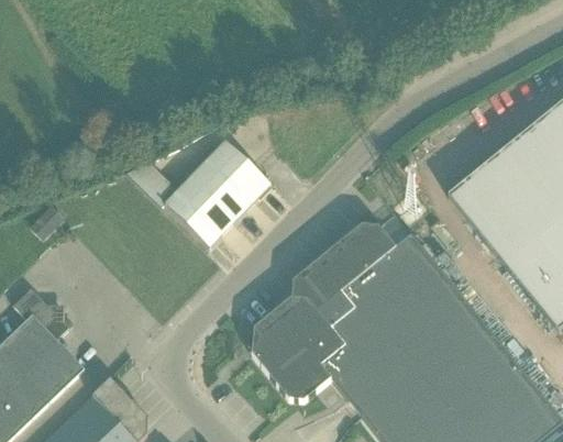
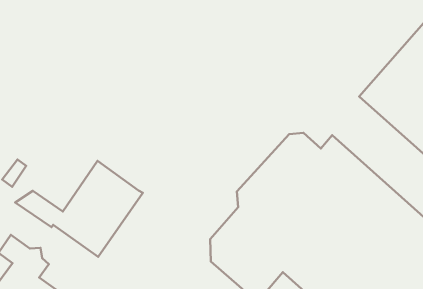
building: [125,139,271,246] -> [15,161,143,257]

